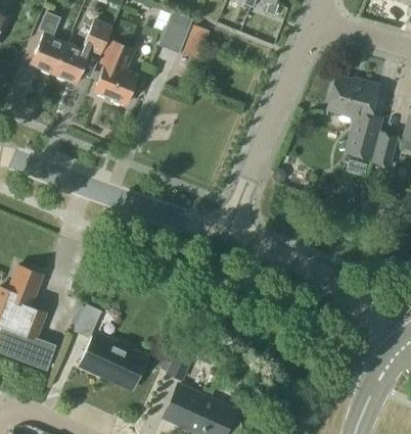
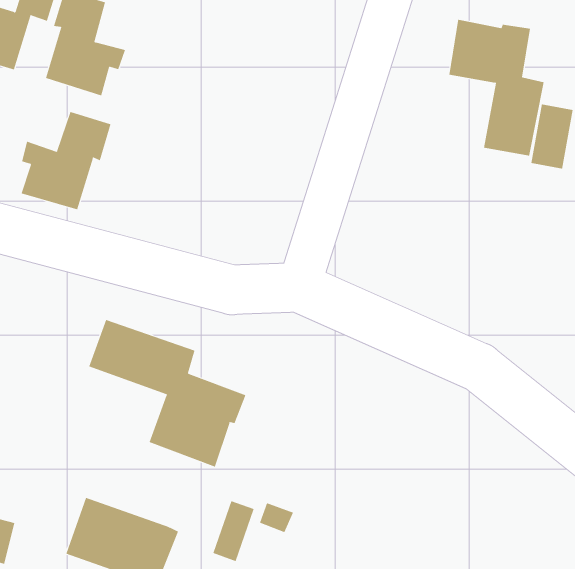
building: none -> [21,111,111,210]
building: none -> [89,319,246,467]
building: [70,303,100,337] -> none

